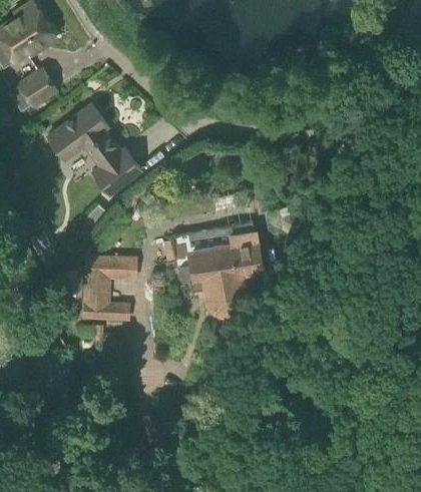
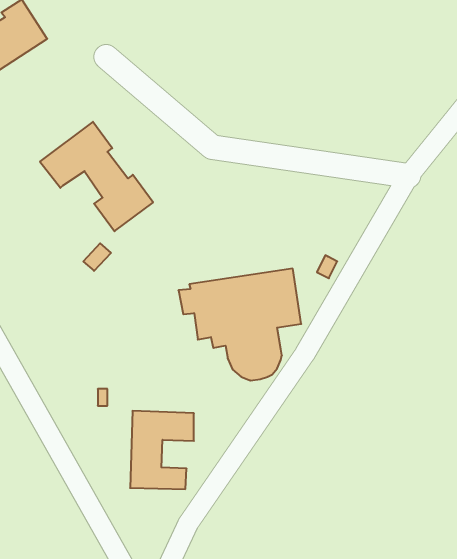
building: [19,69,55,104] -> none
building: [83,256,136,321] -> [130,411,194,489]

